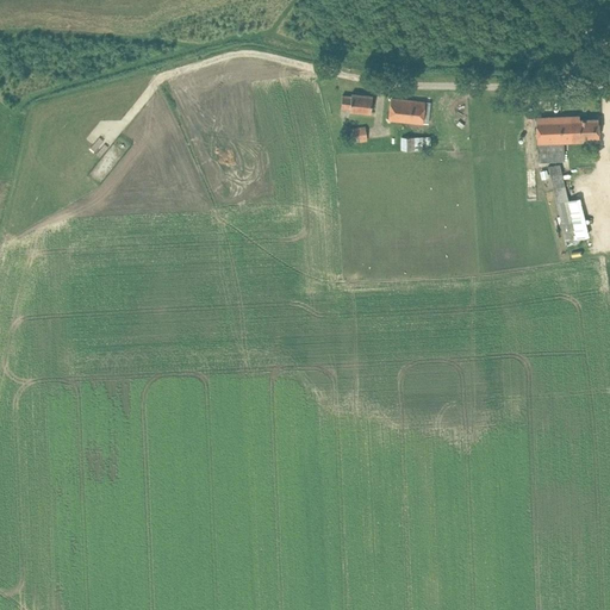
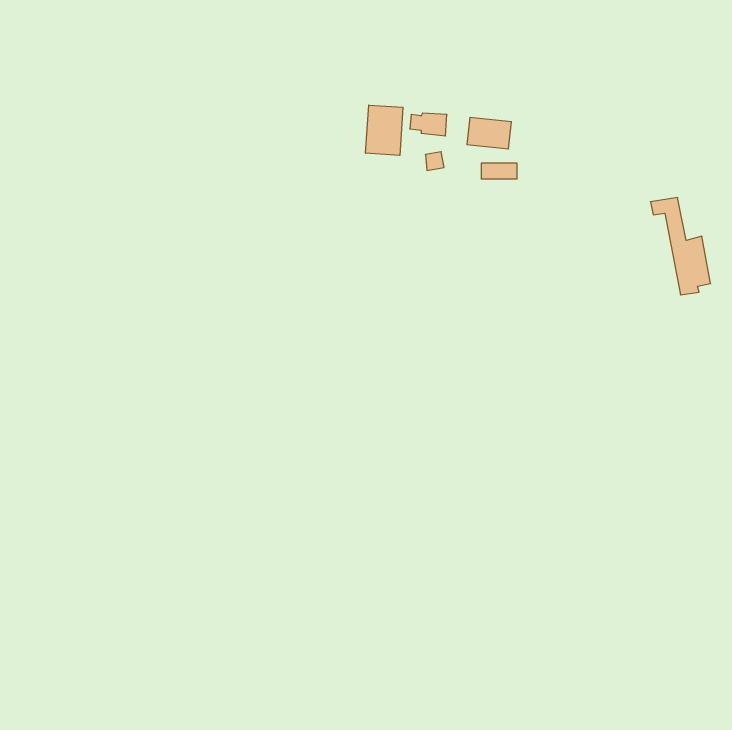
building: none -> [366,105,403,155]
building: [536,118,598,163] -> none

